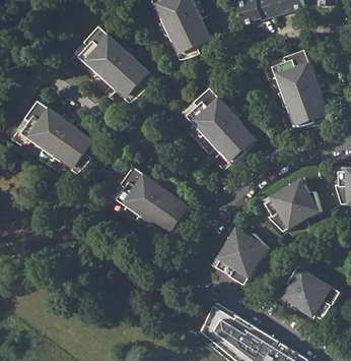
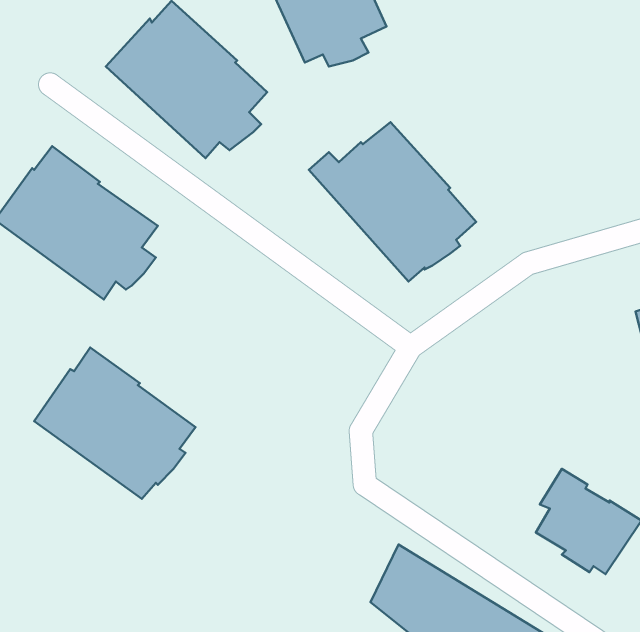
building: [261,50,328,129] -> none
building: [107,167,189,244] -> [34,347,195,499]
building: [267,182,321,232] -> none
building: [217,230,268,285] -> none

